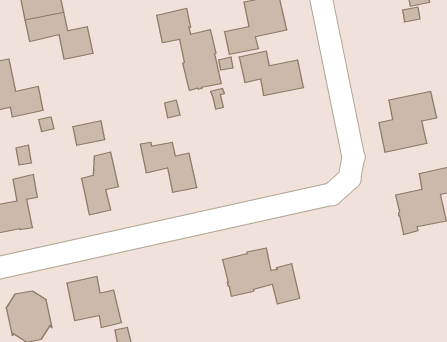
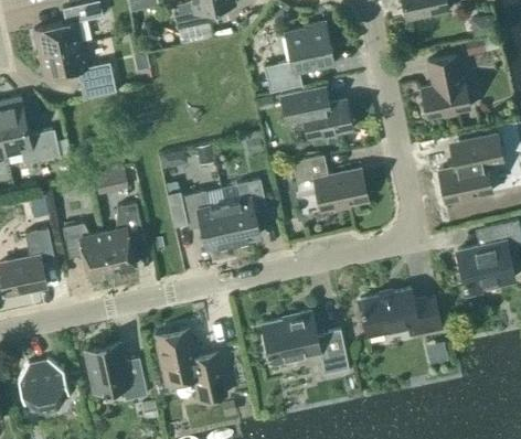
building: [157,8,221,90] -> none
building: none -> [421,56,470,118]
building: none -> [293,156,369,211]
building: none -> [224,180,266,243]
building: none -> [63,223,111,278]
building: none -> [360,289,442,336]
building: none -> [155,329,226,401]

